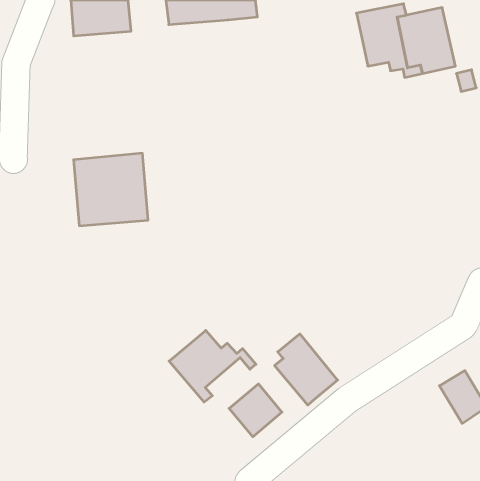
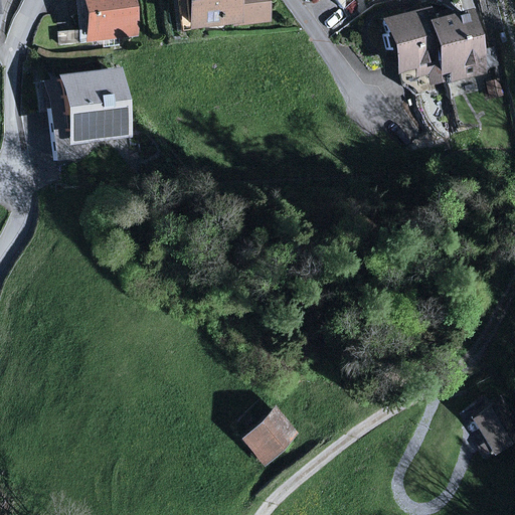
building: [74,153,148,226] -> [50,66,130,144]
building: [169,330,256,402] -> none
building: [275,334,338,405] -> none

